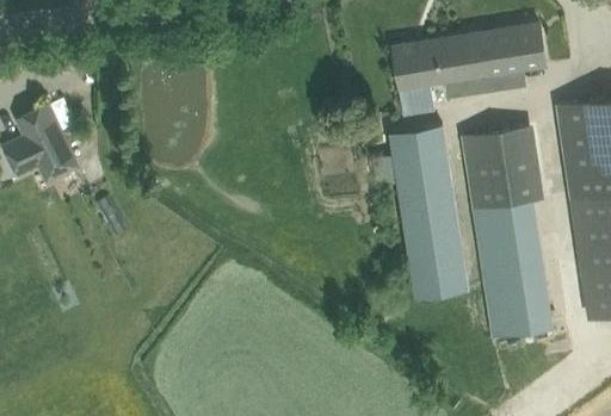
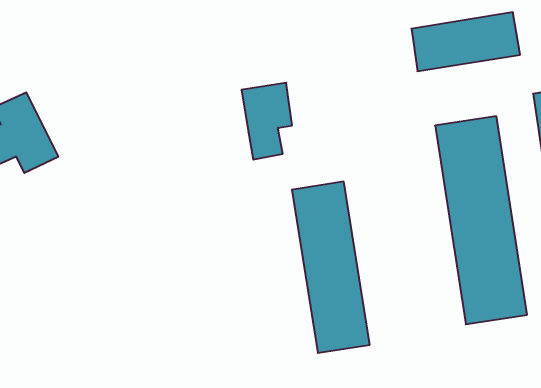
building: [391,41,443,118] -> [241,83,292,160]
building: [389,128,468,300] -> [292,182,370,353]

